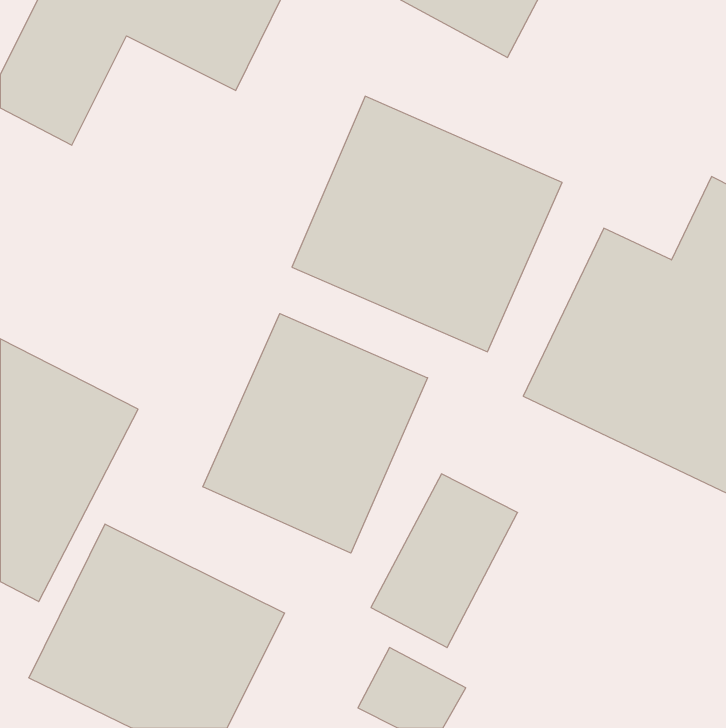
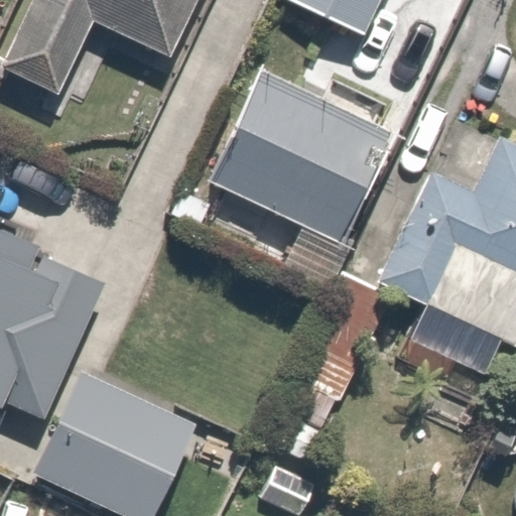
building: [203,314,428,553] -> none

